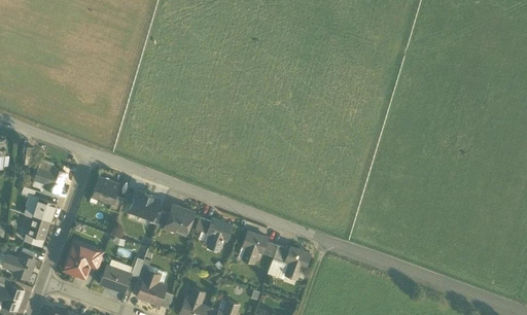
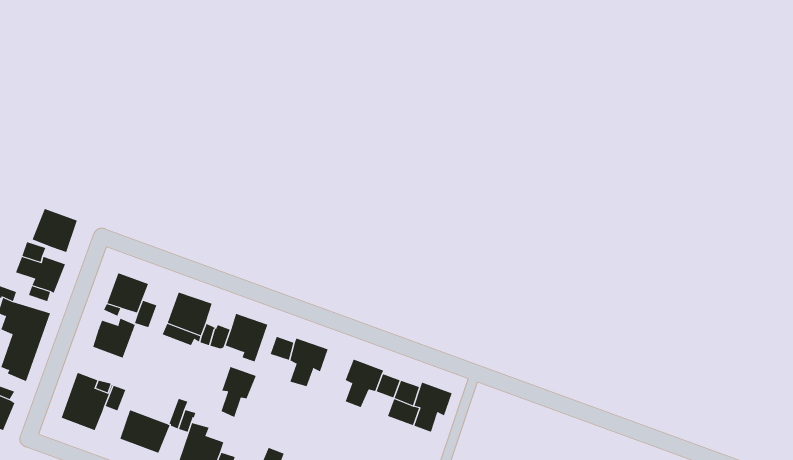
building: none -> [32,208,78,253]
building: none -> [93,318,135,358]
building: none -> [221,366,256,418]

